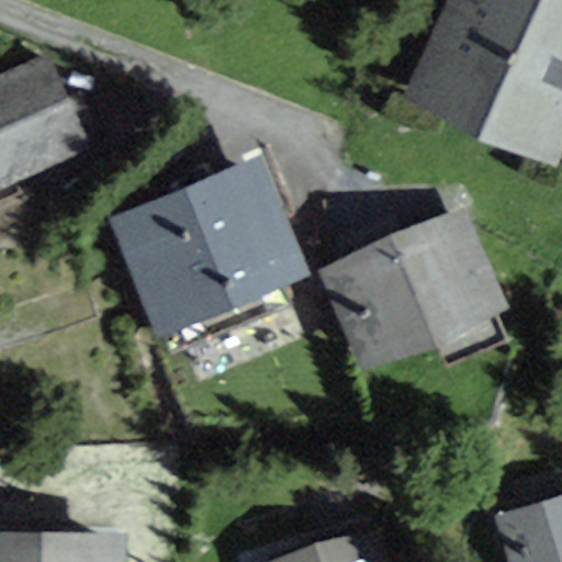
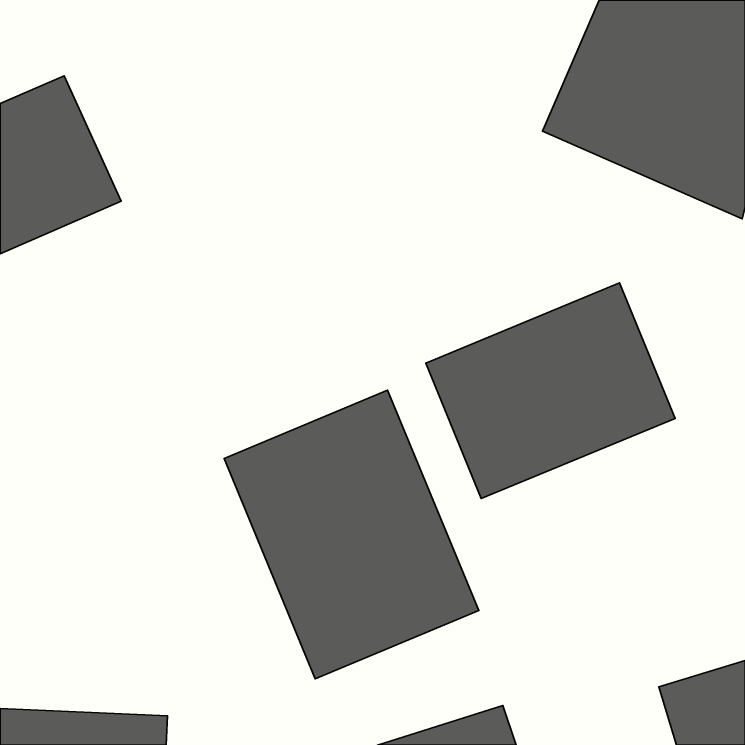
building: [111,158,307,335] -> none
building: none -> [224,390,479,679]

